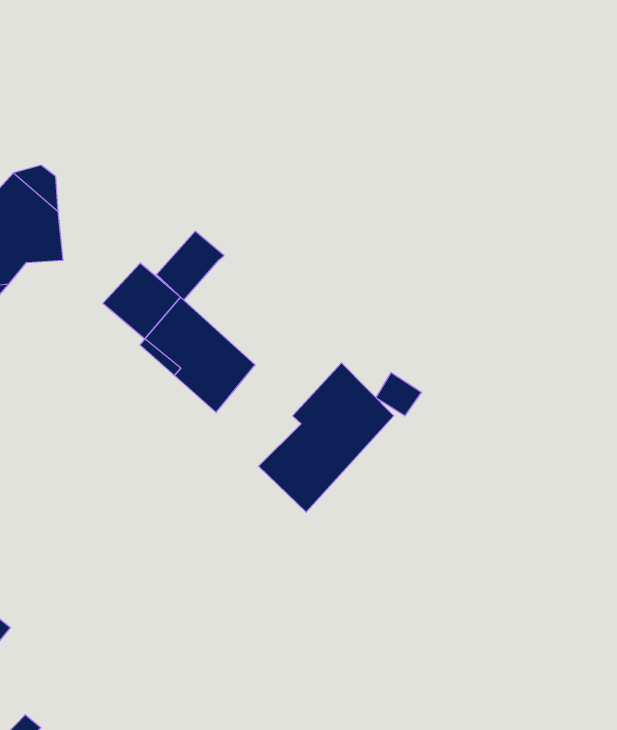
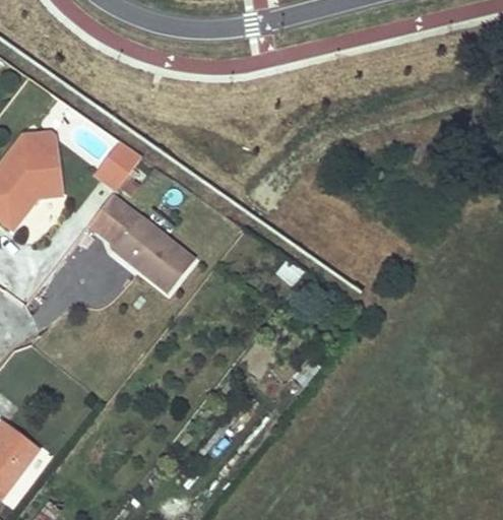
building: [156,231,224,300] -> [96,141,140,188]
building: [259,363,394,512] -> none

